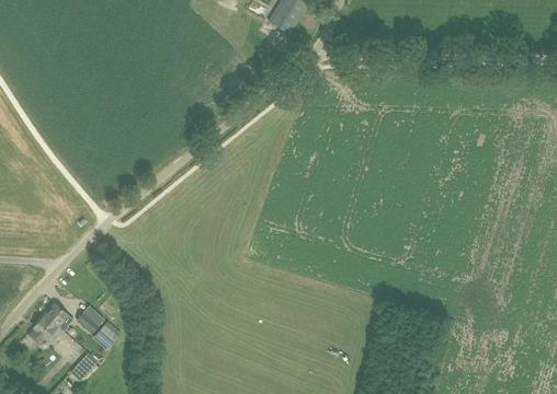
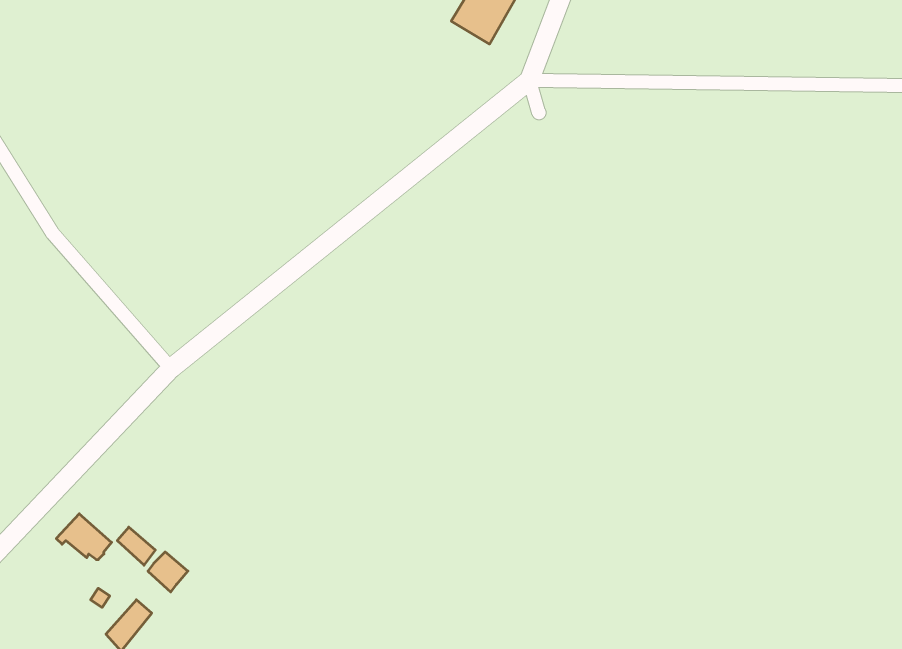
building: [27,316,64,344] -> none

